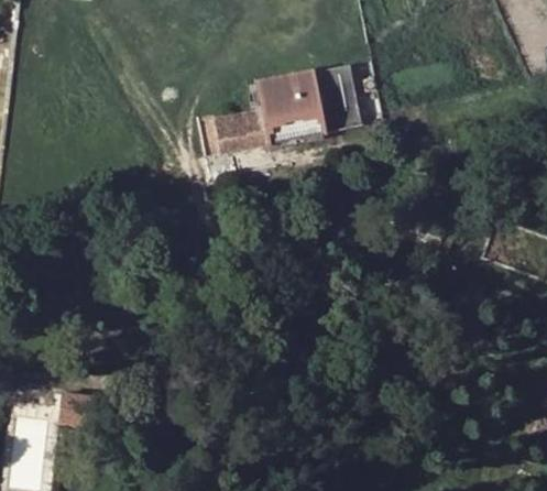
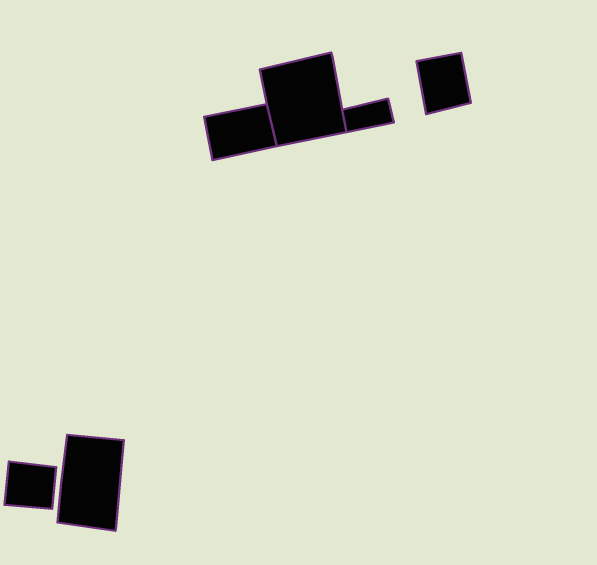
building: [315,65,358,113] -> [416,53,471,114]
building: none -> [57,435,124,531]

